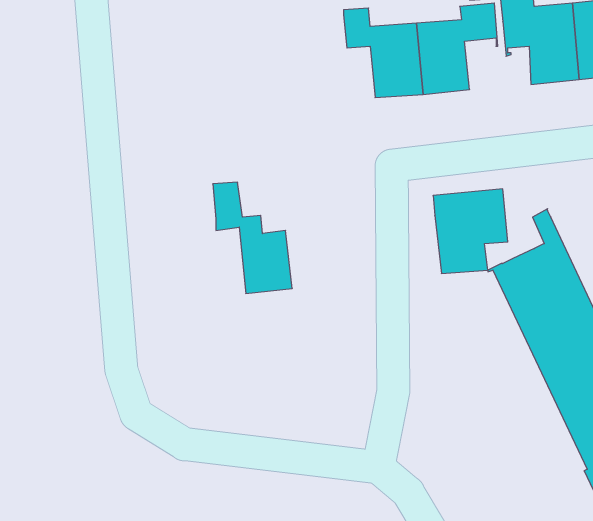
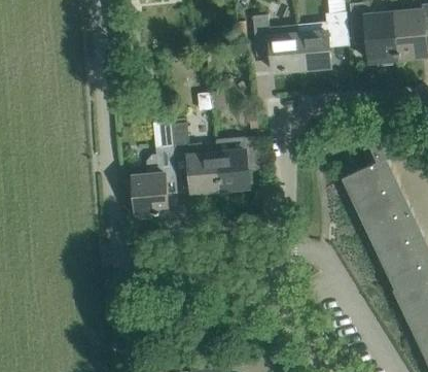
building: [433,189,508,273] -> [215,138,261,191]
building: none -> [121,147,175,216]

